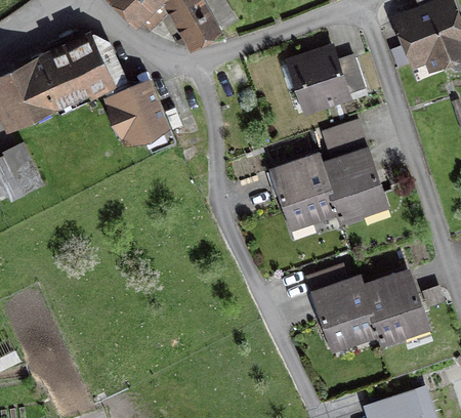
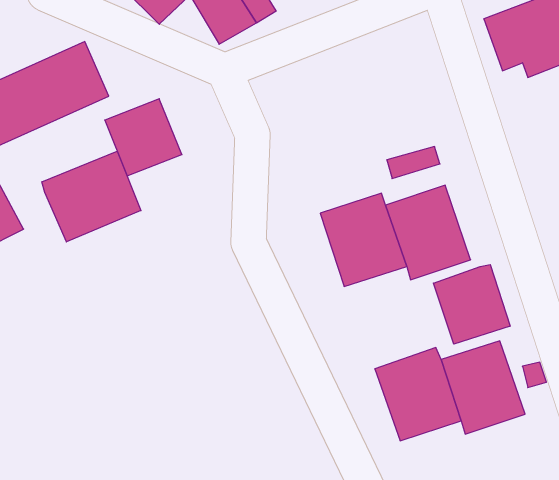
building: [289,49,364,104] -> none
building: none -> [42,151,141,242]
building: none -> [433,265,510,344]

